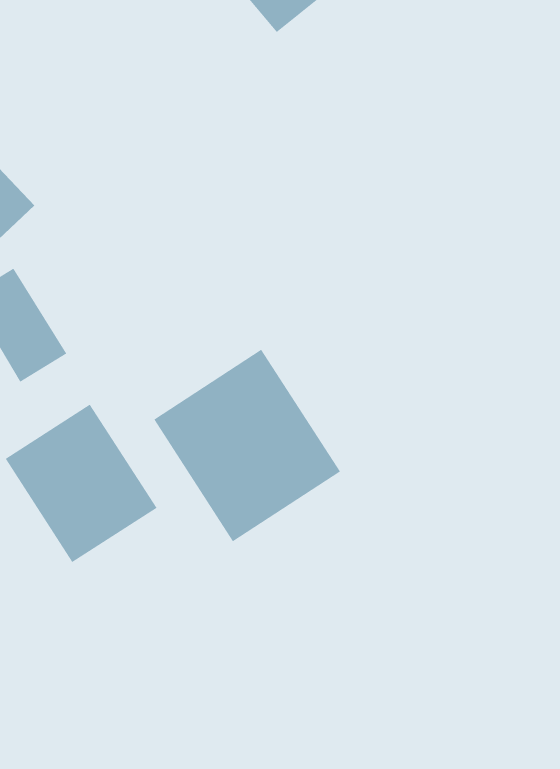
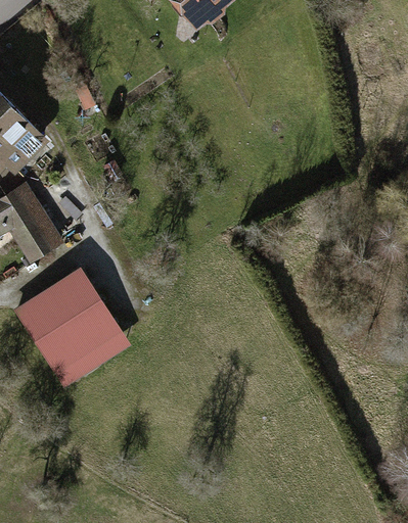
building: [153,349,341,542] -> none

